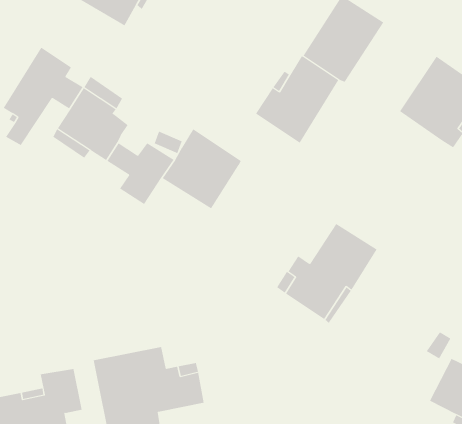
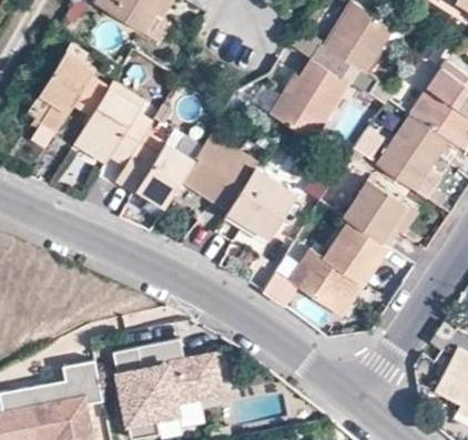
building: none -> [373,113,447,192]
building: none -> [224,165,295,237]
building: none -> [339,177,405,246]

